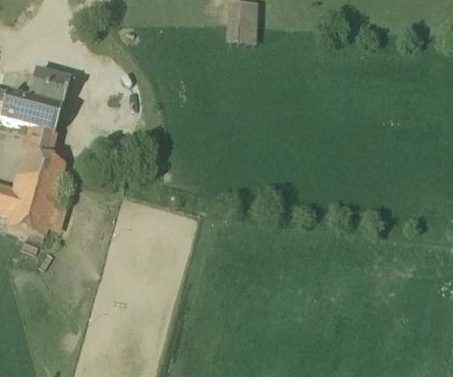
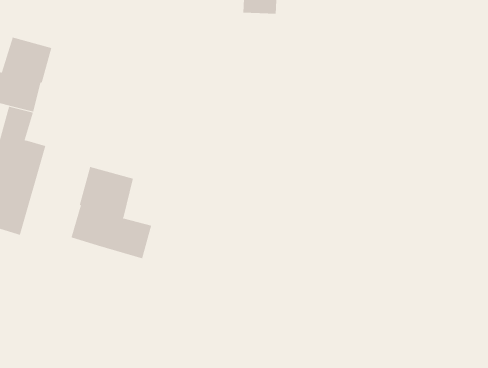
building: none -> [71,166,152,259]

